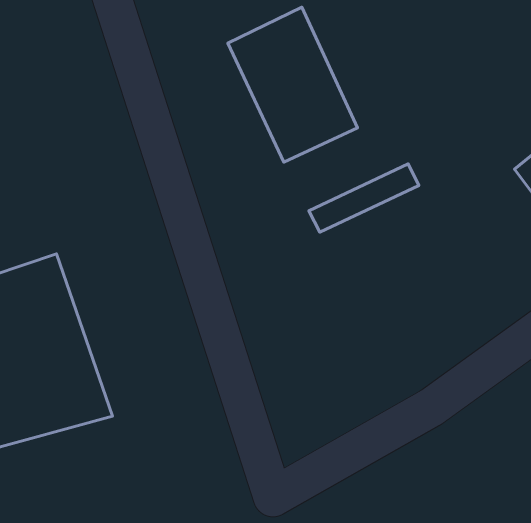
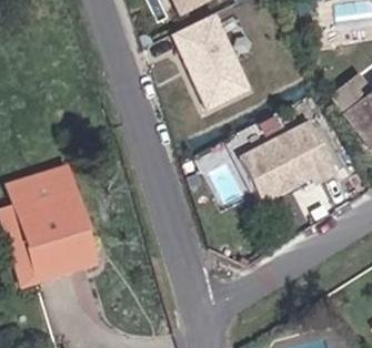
building: none -> [239,119,340,205]

